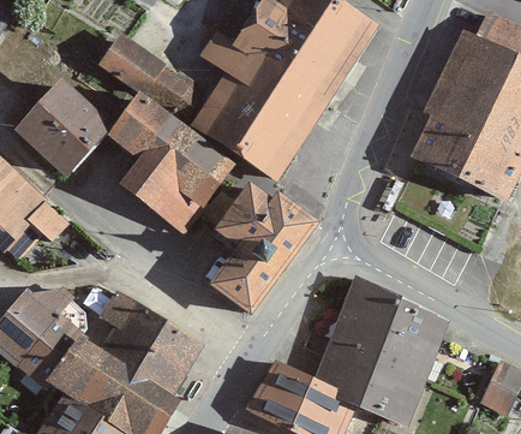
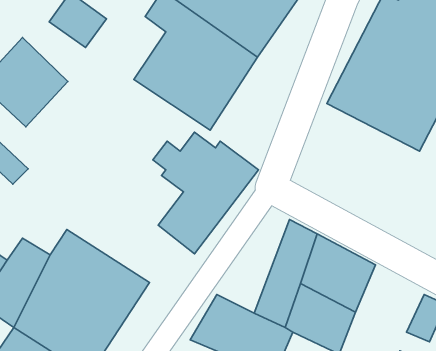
building: [110,95,236,231] -> none

